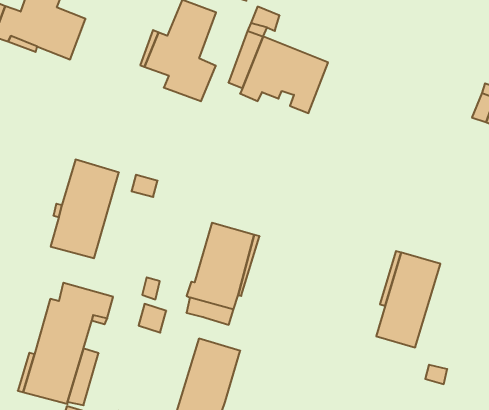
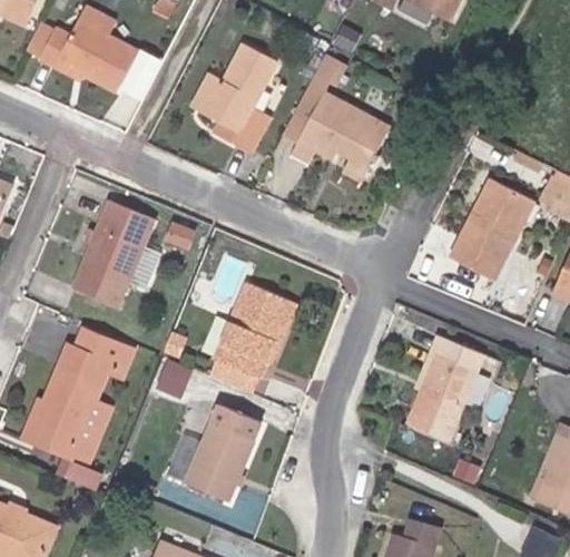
building: none -> [451,178,534,279]

